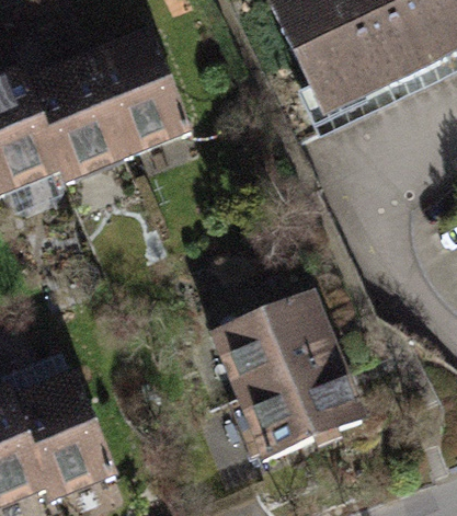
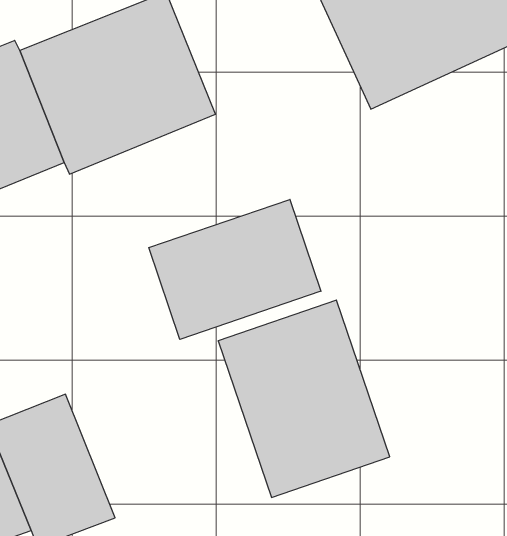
building: none -> [149,199,321,339]

